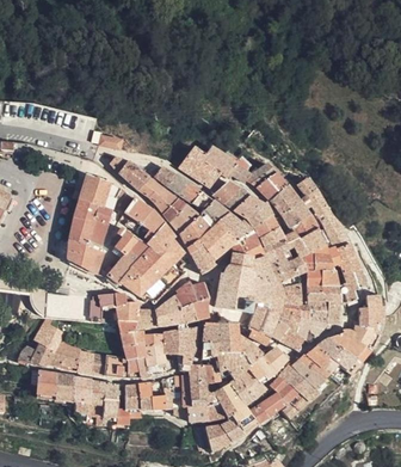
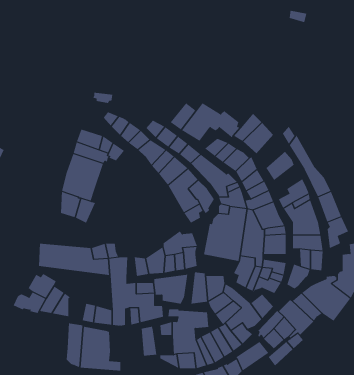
building: [270,180,300,215] -> none
building: [100,199,186,302] -> none
building: [286,211,317,247] -> none
building: [36,369,75,401] -> none
building: [125,381,153,410] -> none

